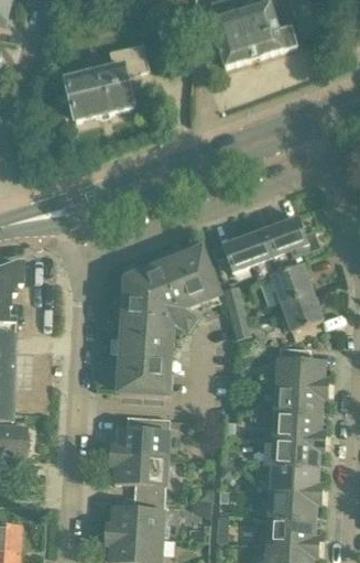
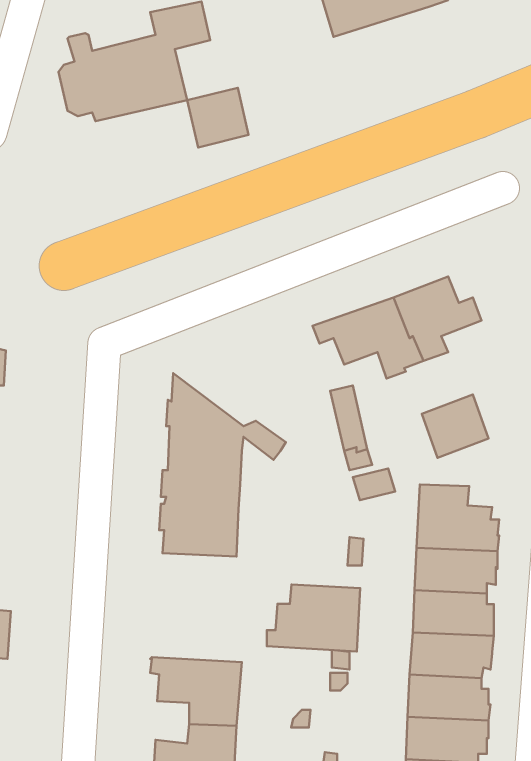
building: none -> [187,88,249,147]
building: [126,248,217,311] -> none
building: [270,263,313,303] -> none
building: [112,416,171,458] -> [267,584,360,651]

